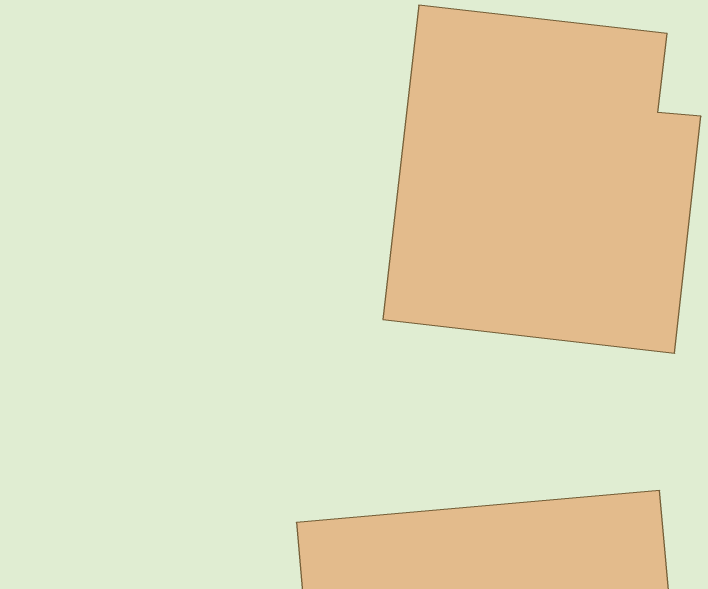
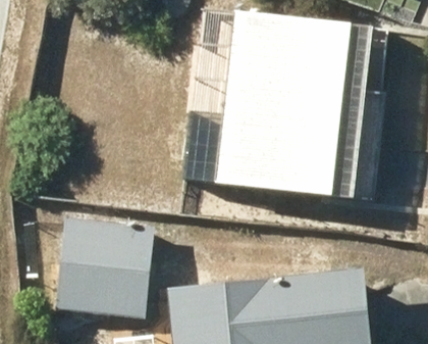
building: none -> [55,220,153,321]

